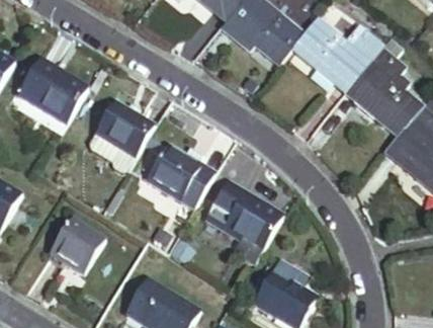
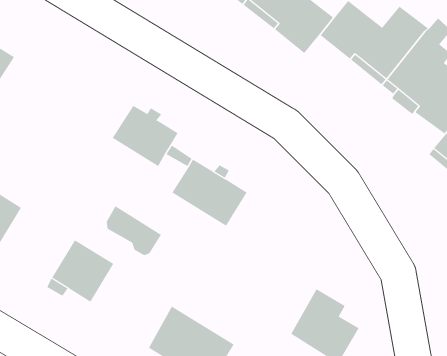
building: [28,64,93,126] -> none
building: [95,134,144,177] -> [106,206,162,256]
building: [212,186,288,267] -> none

